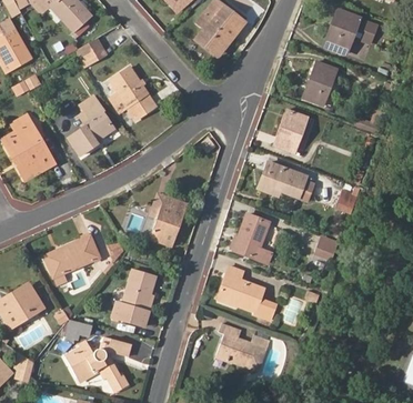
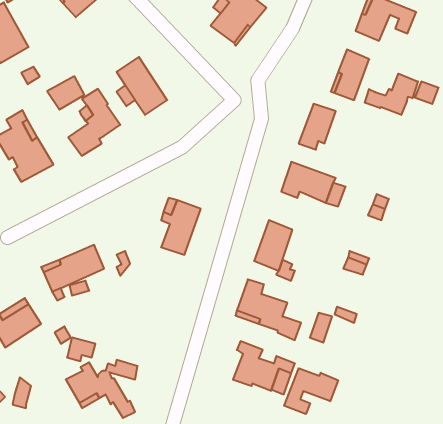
building: [73,37,107,67] -> [47,76,84,110]
building: none -> [365,74,418,115]
building: [113,268,158,324] -> none
building: none -> [284,368,338,414]

